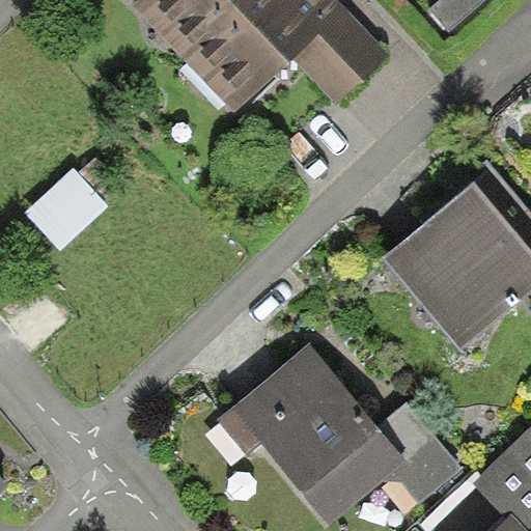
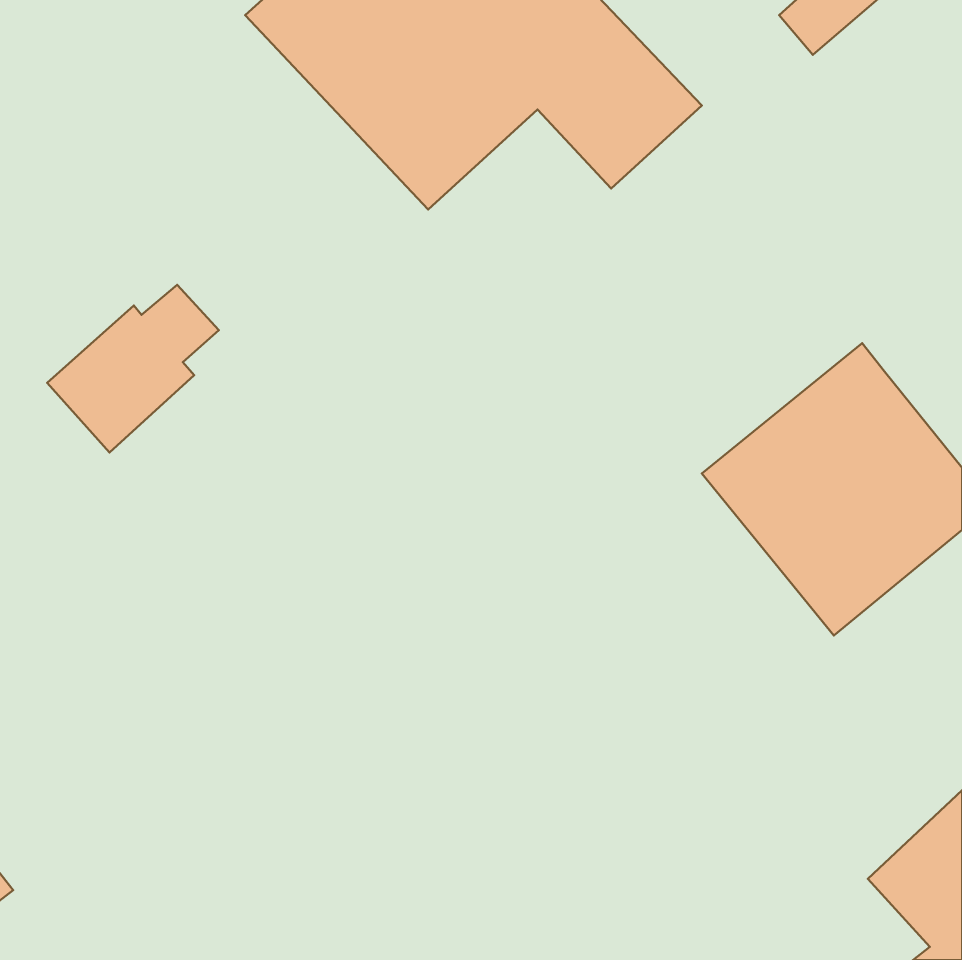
building: [219,343,457,523] -> none

